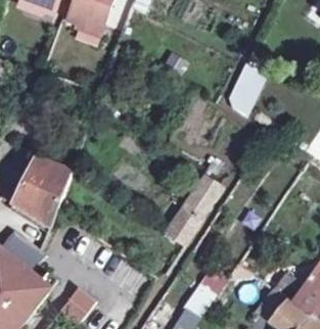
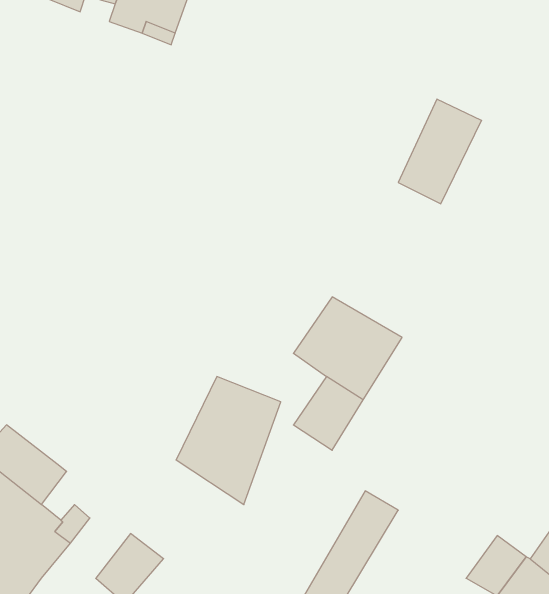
building: [15,158,71,226] -> [176,377,281,505]

